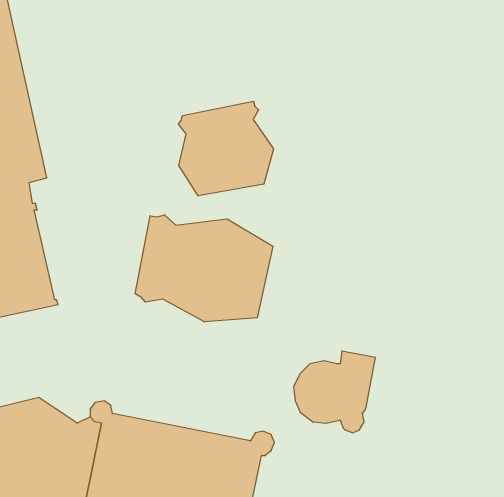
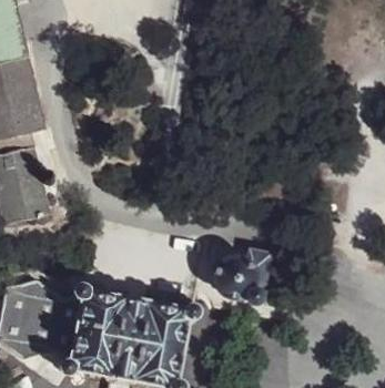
building: [178,101,274,196] -> none
building: [135,215,273,322] -> none

